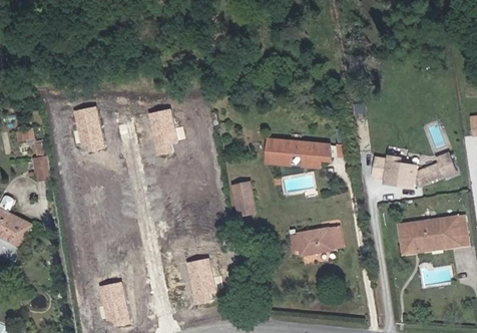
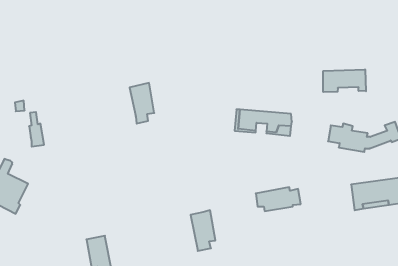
building: none -> [323,69,366,92]
building: [72,107,101,152] -> none
building: [233,184,255,215] -> none
building: [185,259,213,305] -> [191,210,215,251]

